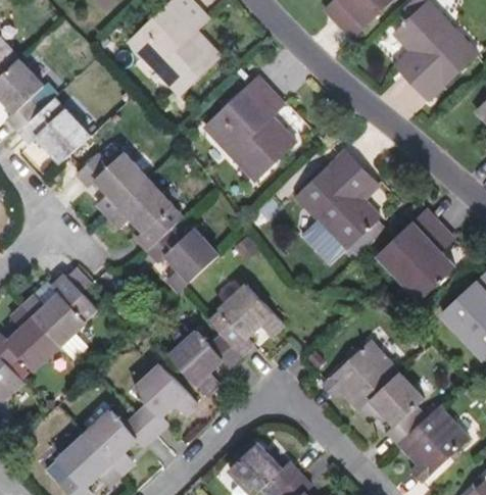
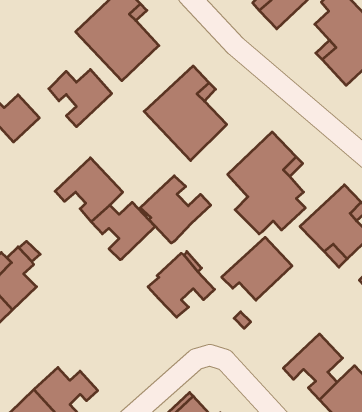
building: [77,152,146,215] -> [49,69,112,127]
building: none -> [140,176,211,243]
building: [169,330,241,394] -> none
building: [321,341,398,410] -> [222,237,292,300]
building: [134,363,196,435] -> none

